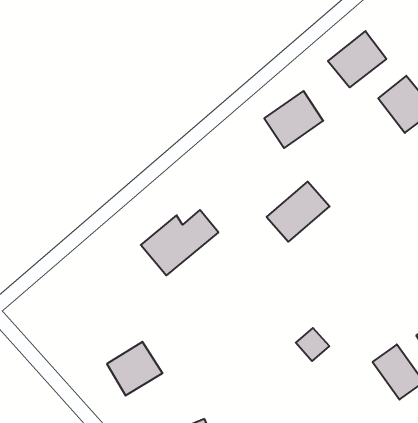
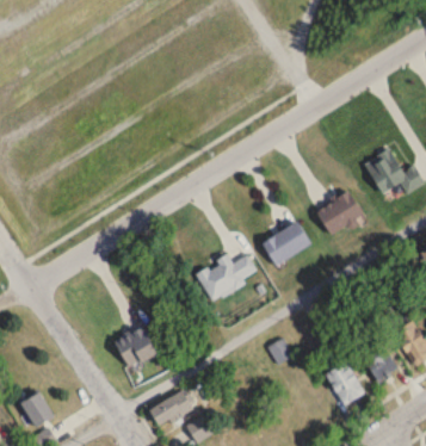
building: [328,31,386,87] -> none
building: [264,91,323,148] -> [316,191,363,234]
building: [141,210,218,275] -> [196,253,259,301]

